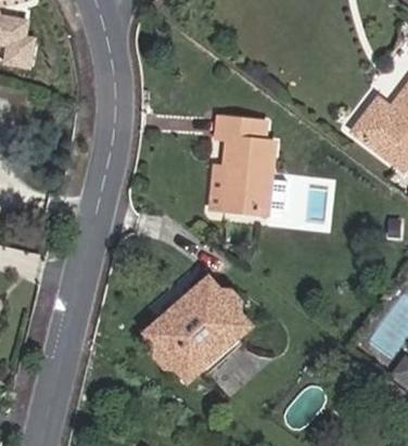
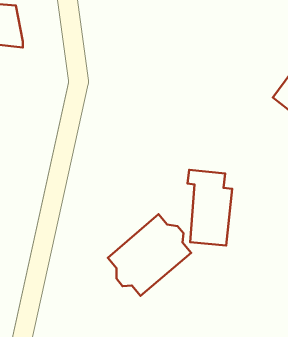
building: [217,118,273,214] -> [188,170,232,245]

